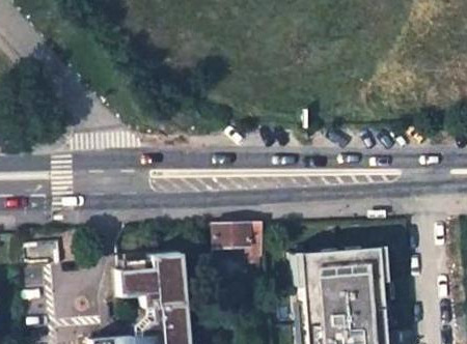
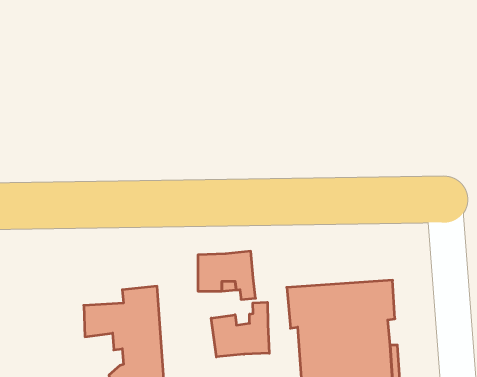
building: none -> [211,302,269,357]

